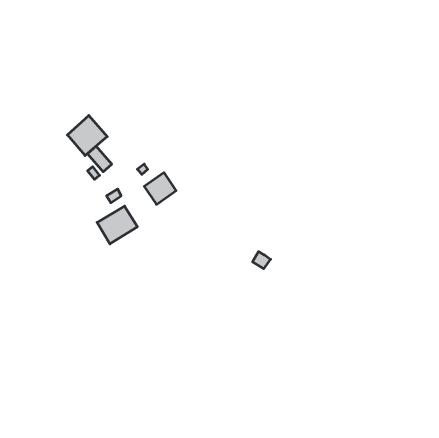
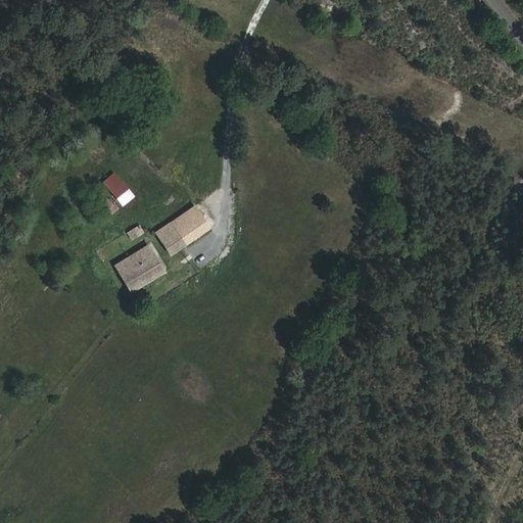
building: [67,115,107,156] -> none
building: none -> [155,221,186,253]

